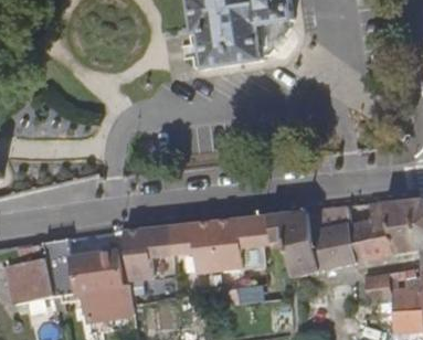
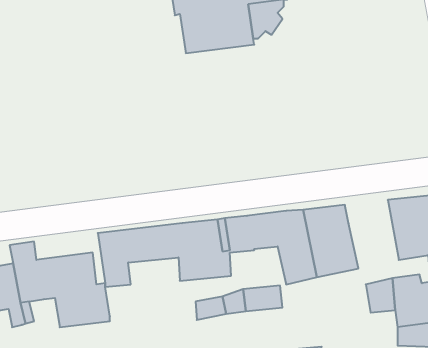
building: [347,201,392,263] -> none

